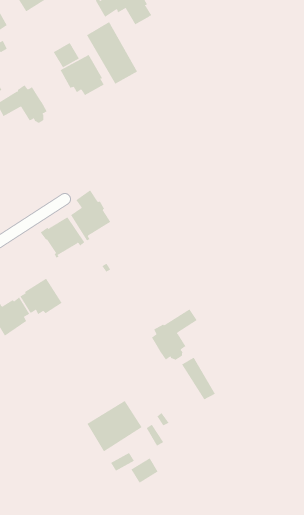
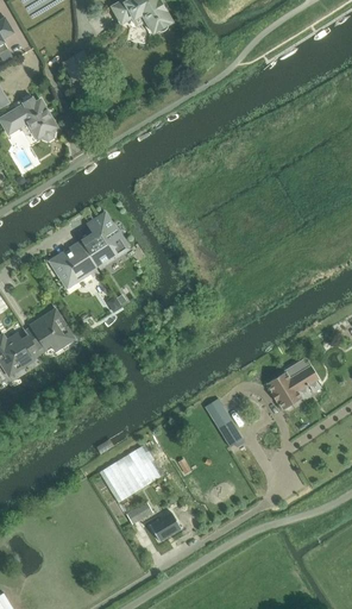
building: [86,21,138,85] -> none
building: [60,54,104,96] -> none
building: [151,309,197,361] -> none
building: none -> [266,366,316,408]

